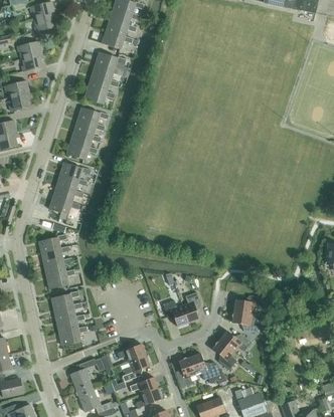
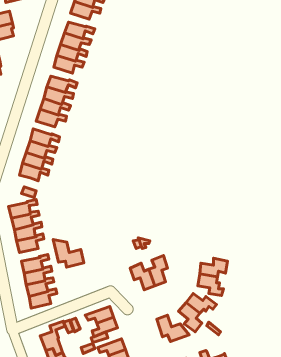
building: none -> [53,240,84,267]
building: [177,357,196,388] -> none

